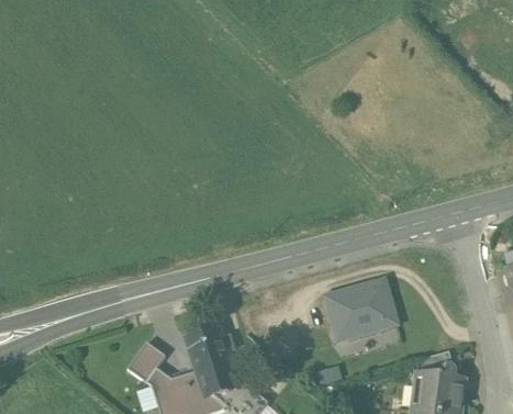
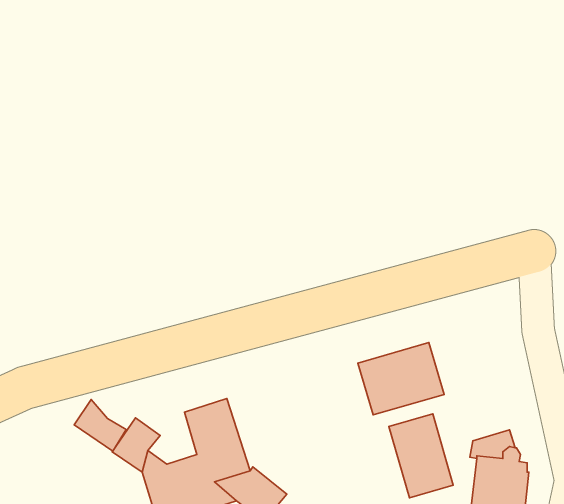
building: none -> [74,400,126,451]
building: none -> [389,414,453,498]

